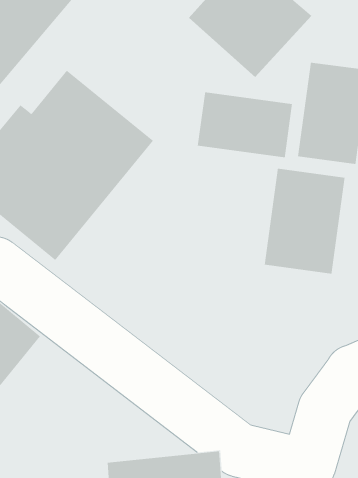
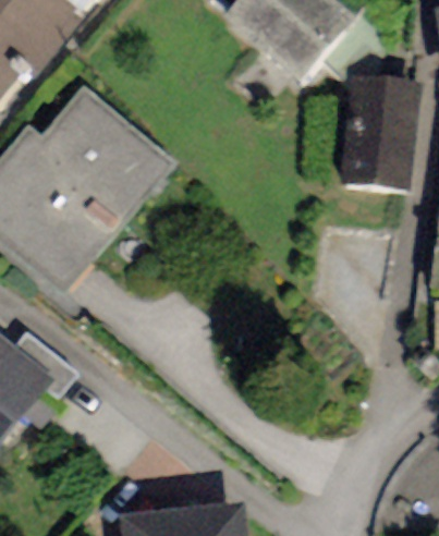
building: [197,92,293,158] -> none
building: [264,168,345,275] -> none

